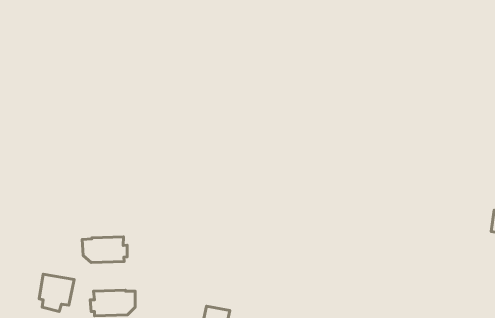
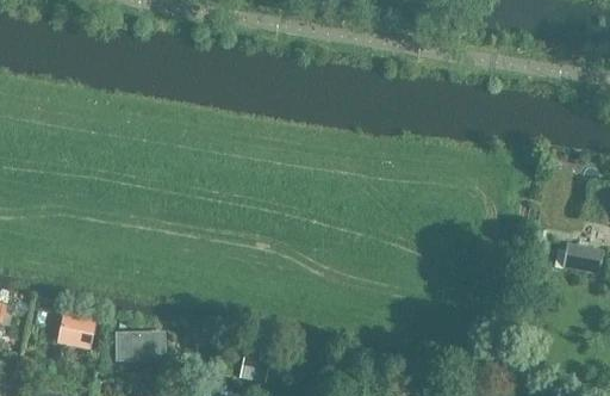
building: [82,237,127,262] -> none

